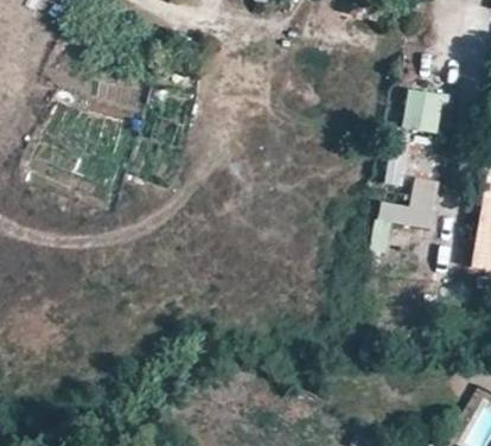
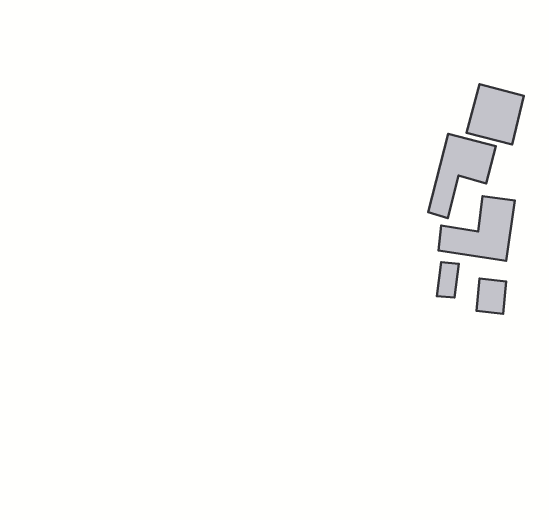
building: none -> [428,134,496,218]

